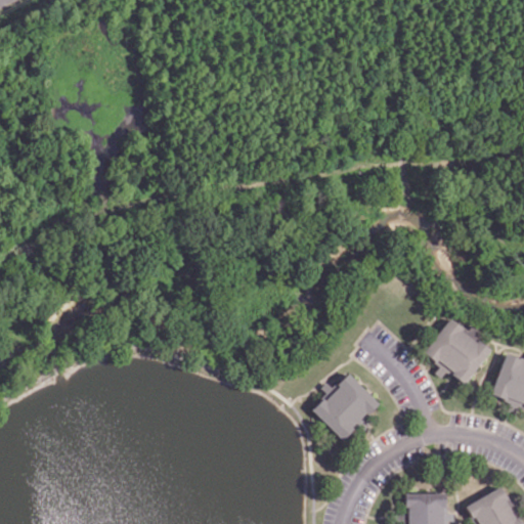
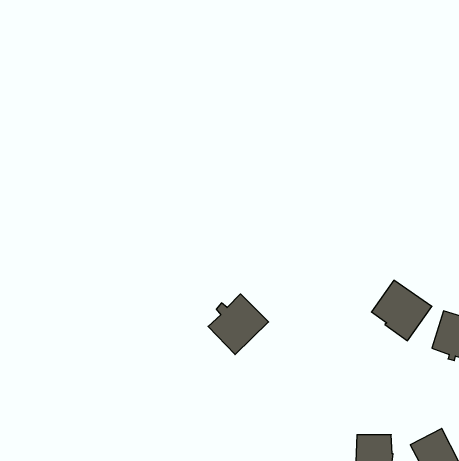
building: [312,373,381,441] -> [208,294,269,355]

